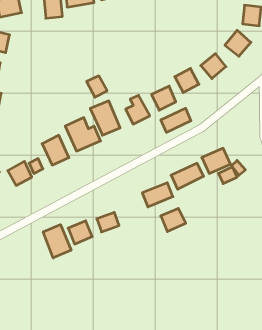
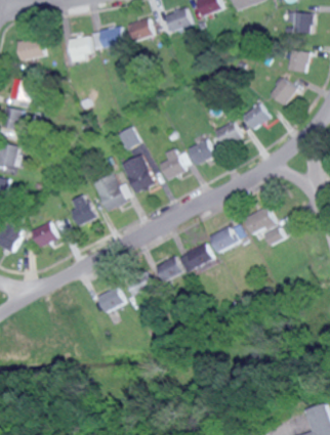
building: [161,108,191,132] -> none
building: [161,208,186,232] -> [155,257,182,282]
building: [43,225,71,258] -> none

